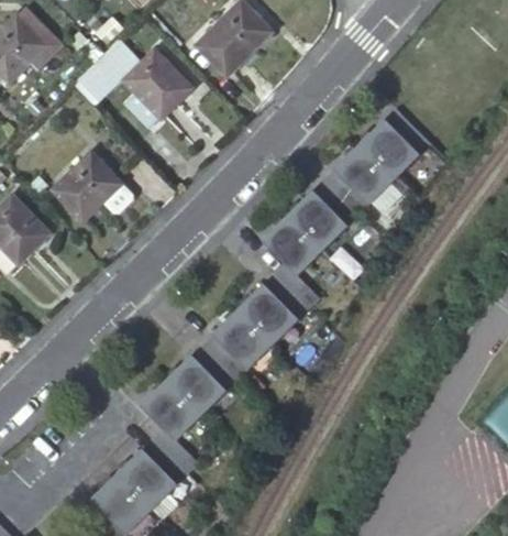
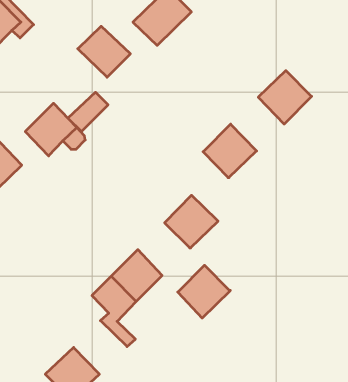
building: [81,47,134,99] -> [68,92,108,132]
building: [324,144,395,215] -> none
building: [262,216,322,307] -> none
building: [202,309,272,379] -> [178,265,230,318]
building: [118,438,188,508] -> none

